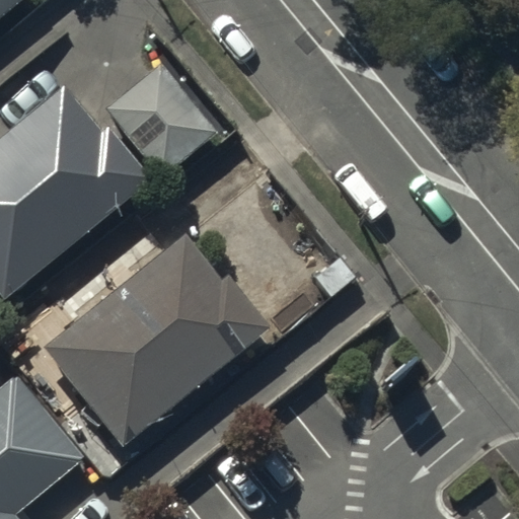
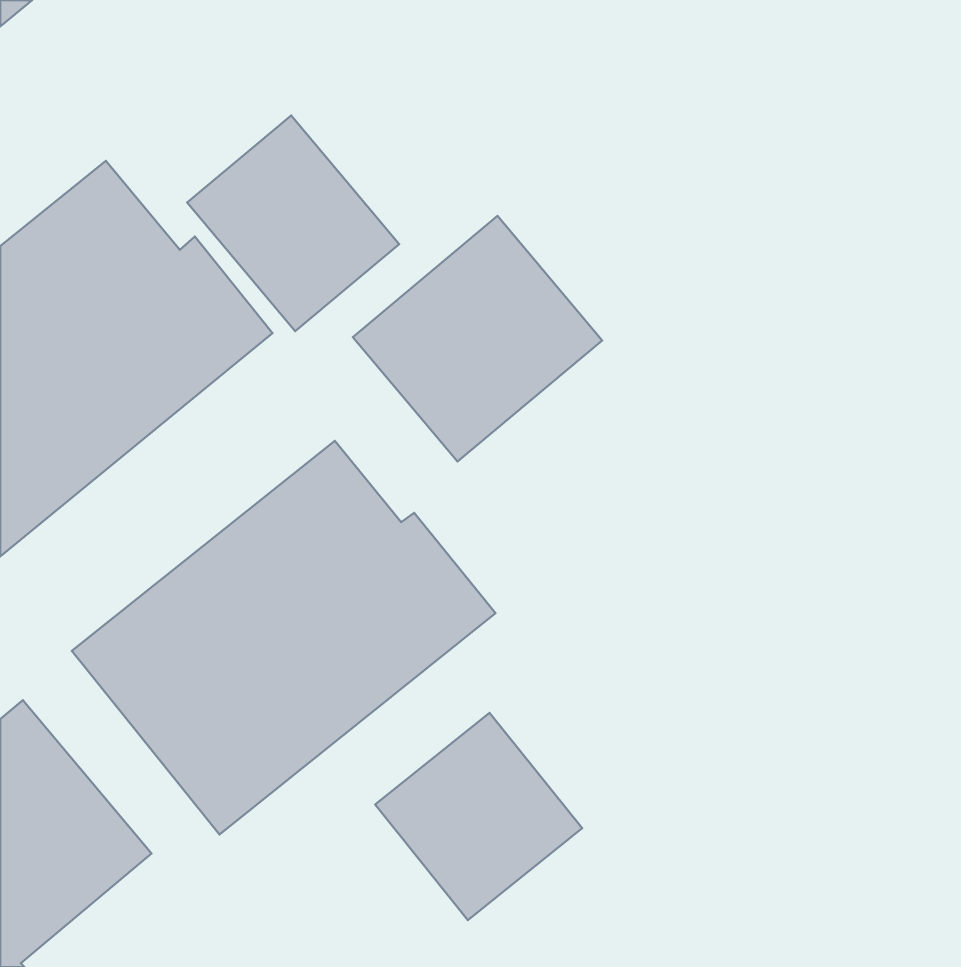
building: none -> [353,216,602,462]
building: none -> [375,713,582,920]

